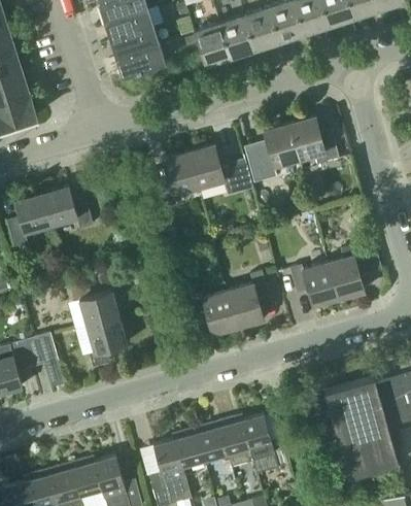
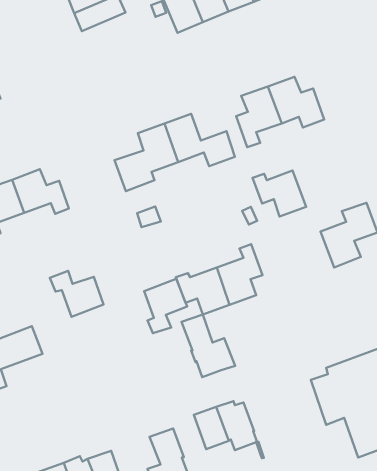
building: [117,44,165,76] -> none
building: [289,264,338,306] -> [252,170,306,216]
building: [88,317,127,367] -> [144,279,187,333]
building: [243,414,290,473] -> [181,315,235,377]
building: [175,428,205,467] -> none

